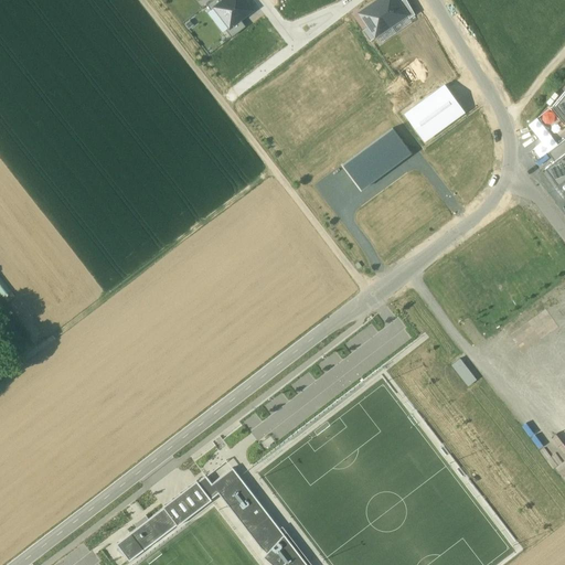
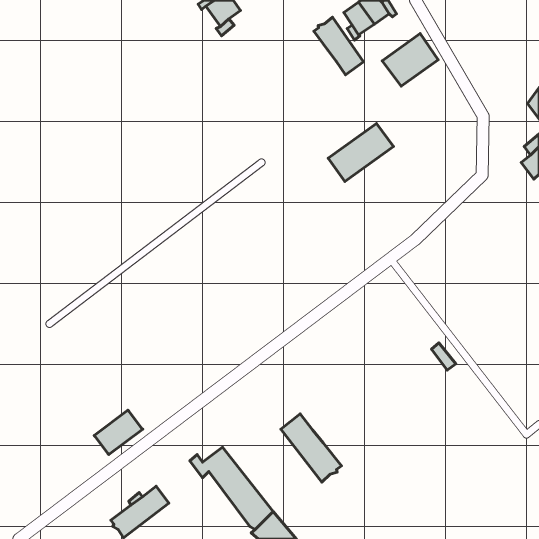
building: none -> [314,17,364,75]
building: [405,85,463,140] -> [382,34,438,86]
building: none -> [281,414,341,482]
building: [162,481,213,527] -> [94,410,143,454]

